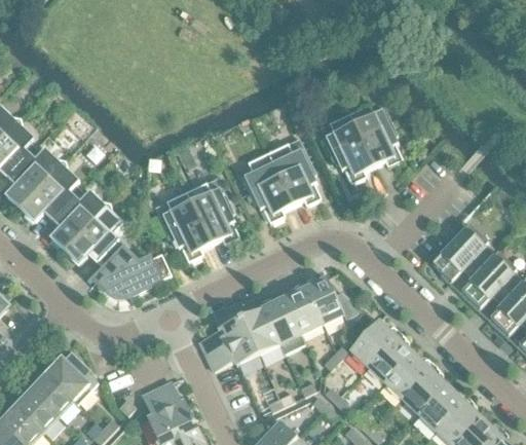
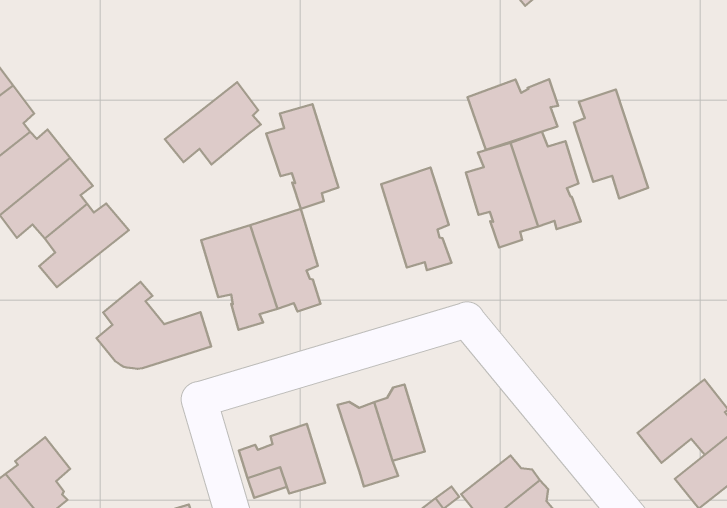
building: none -> [468,79,558,150]
building: none -> [574,90,648,199]
building: [239,153,292,223] -> [266,104,338,209]
building: [64,207,125,264] -> [165,82,261,165]
building: [431,225,495,284] -> none
building: [301,276,358,325] -> none
building: [240,302,279,355] -> none

